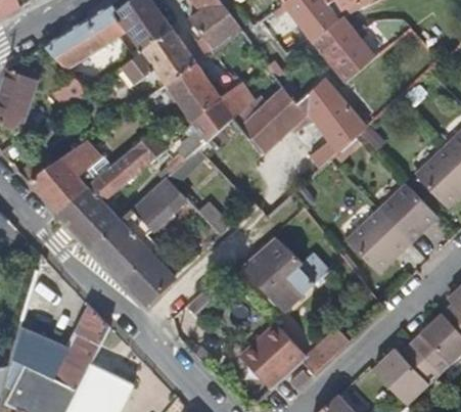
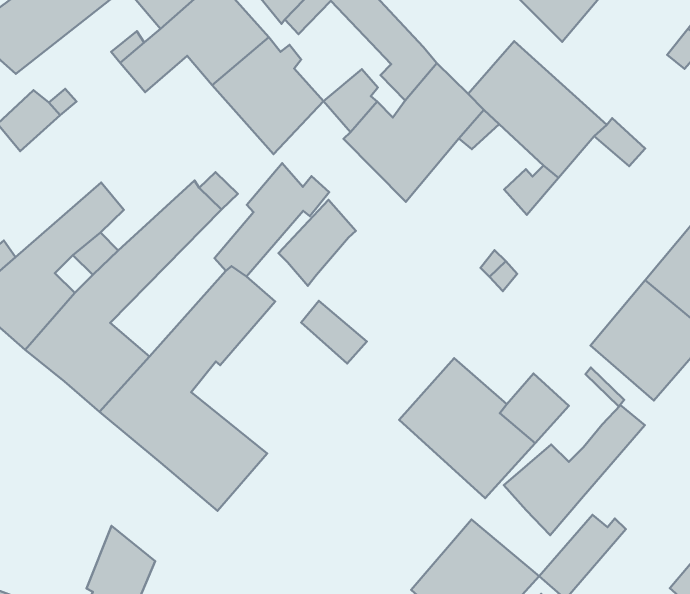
building: [193,100,234,143] -> [278,200,356,286]
building: none -> [504,405,645,535]

